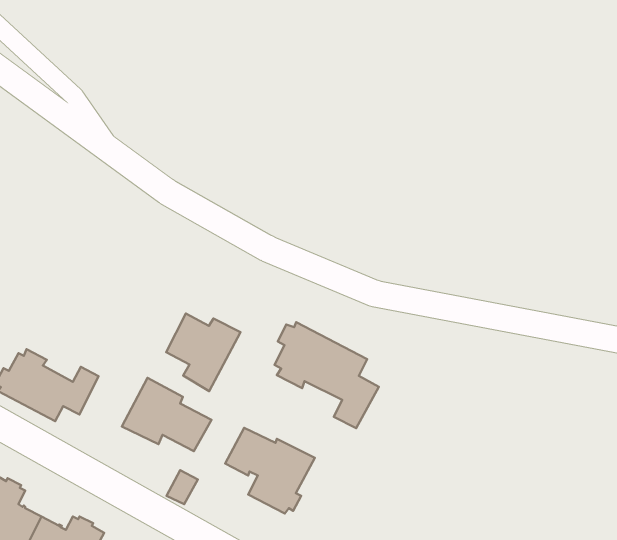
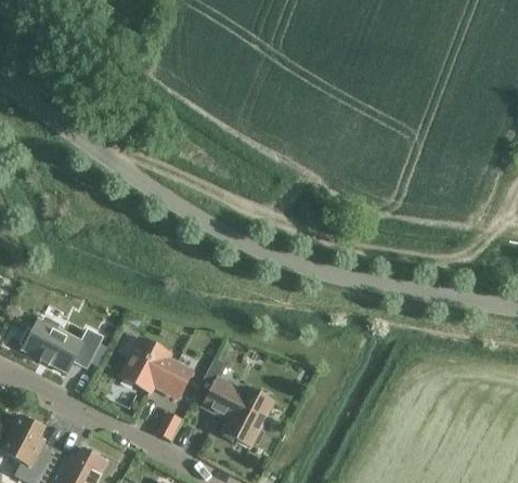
building: [166,313,240,391] -> none
building: [275,322,379,428] -> none

